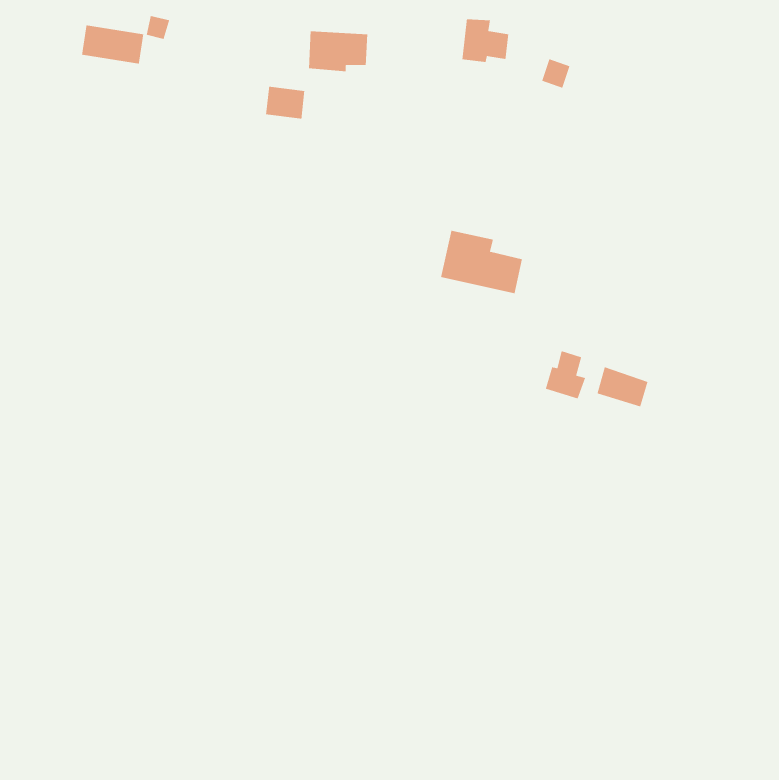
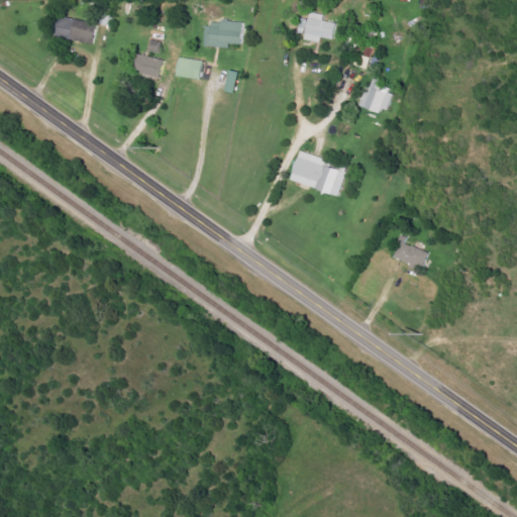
building: none -> [131,53,164,78]
building: none -> [359,76,393,114]
building: [545,350,586,399] -> none

